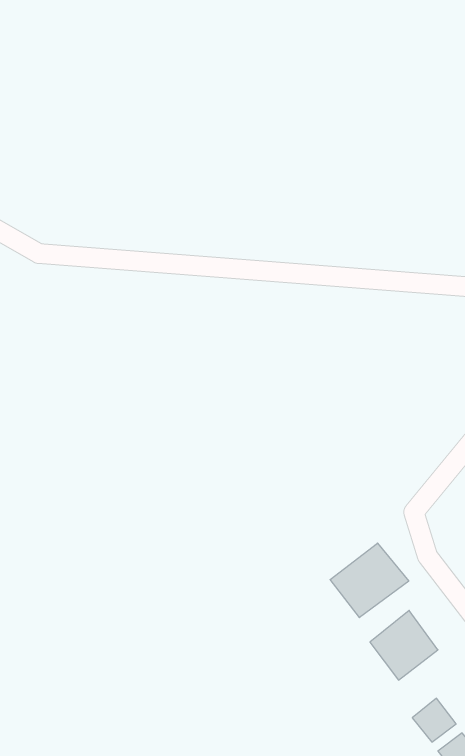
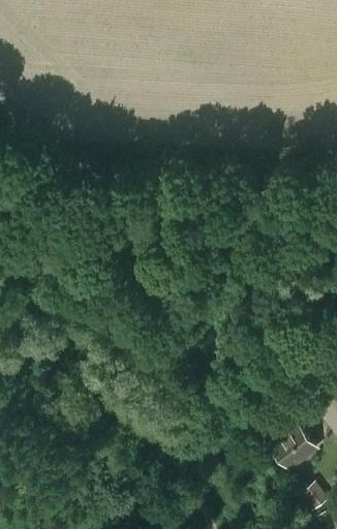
building: [330,543,409,618] -> none

